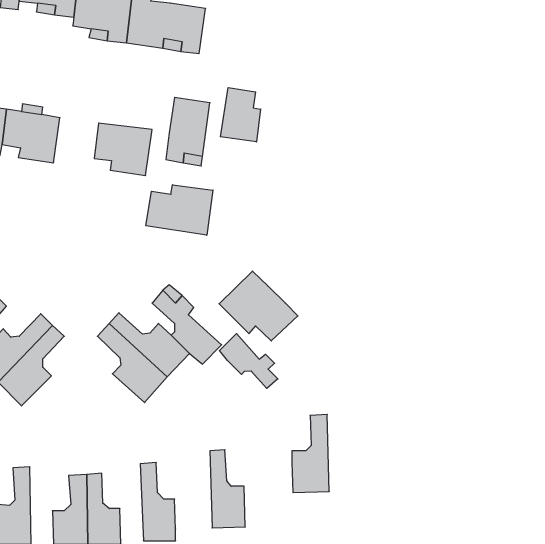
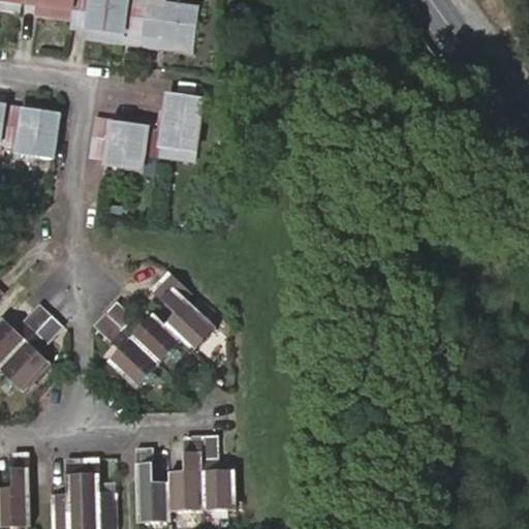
building: [220,88,261,142] -> none
building: [146,185,213,235] -> none
building: [219,271,298,341] -> none
building: [219,334,278,388] -> none
building: [292,414,329,493] -> [168,435,205,510]

